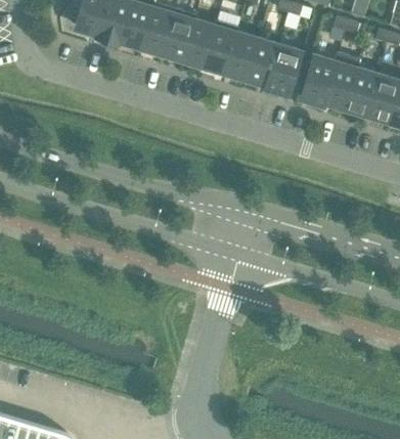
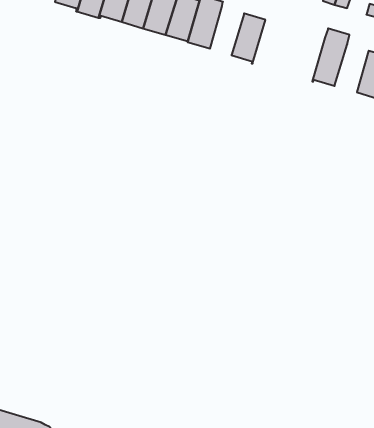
building: [224,32,257,78] -> none
building: [265,44,300,93] -> none
building: [300,54,335,103] -> none
building: [344,68,376,114] -> none

